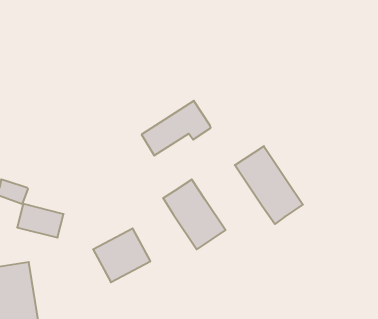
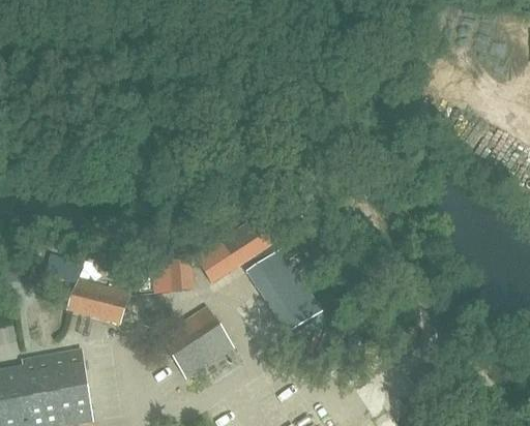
building: [142,101,211,156] -> [197,216,282,283]
building: [235,146,303,224] -> none
building: none -> [170,260,194,292]

